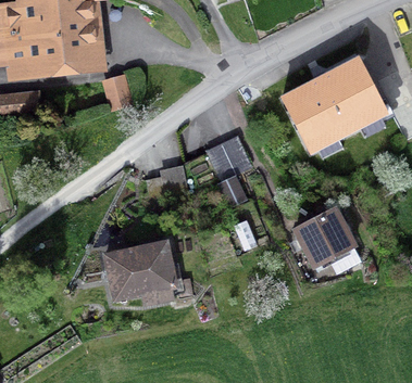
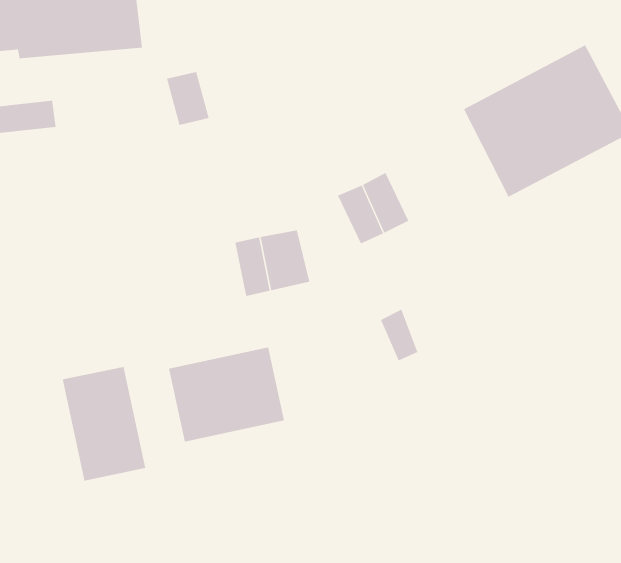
building: [295,208,354,266] -> none
building: none -> [62,366,146,481]

